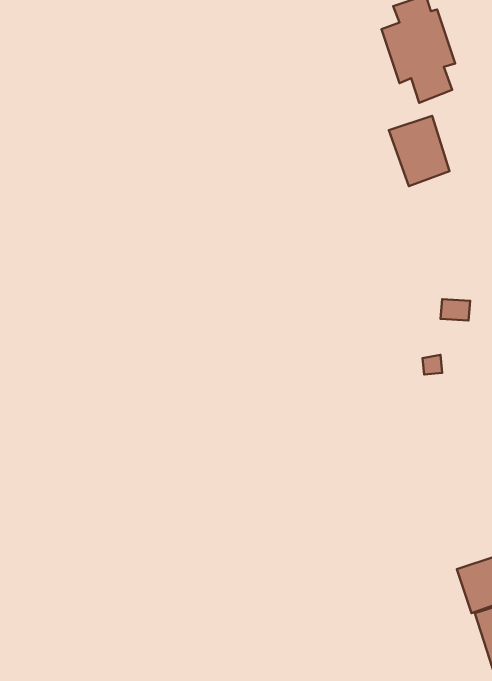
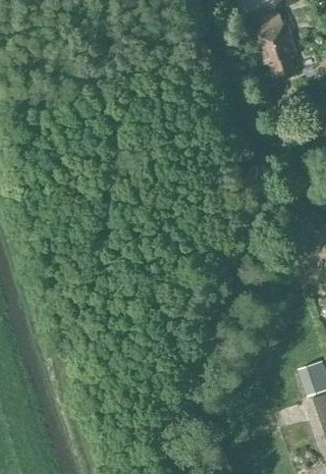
building: [389,116,449,186] -> none

